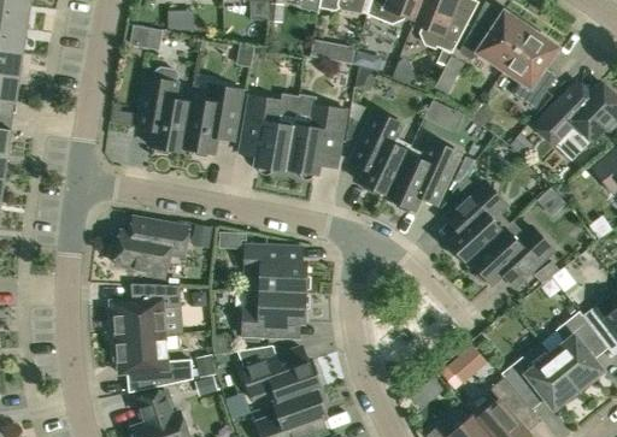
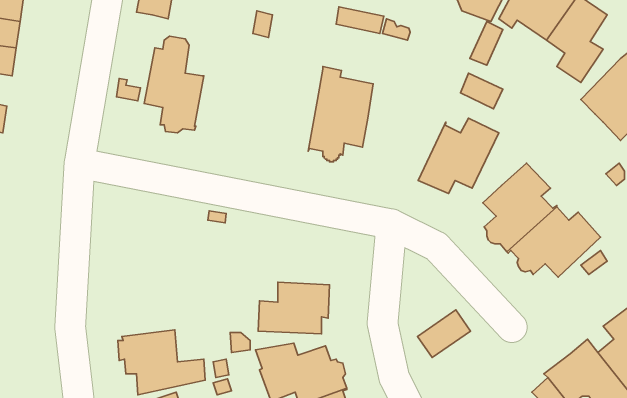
building: [182,84,241,158] -> none
building: [240,94,299,176] -> none
building: [349,111,411,197] -> none
building: [114,217,188,277] -> none
building: [243,244,306,293] -> none
building: [108,284,181,339] -> none
building: [439,343,487,386] -> [418,310,471,358]

